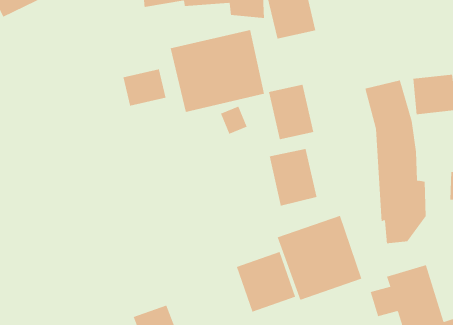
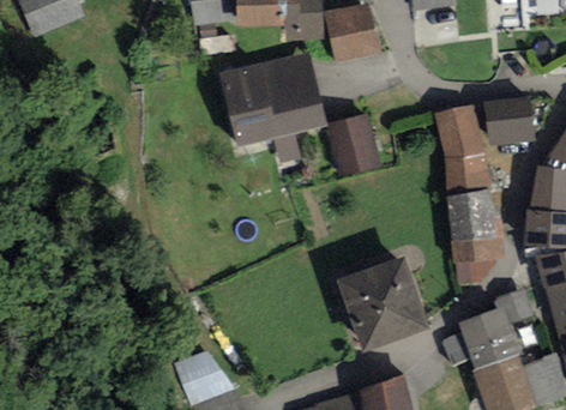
building: [123,69,166,106] -> none
building: [269,148,317,206] -> none
building: [236,251,296,313] -> none

